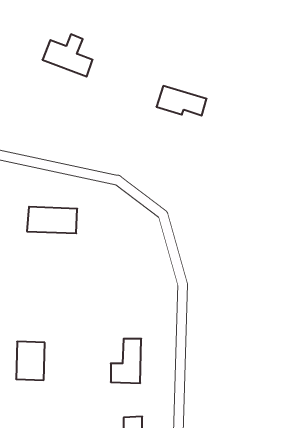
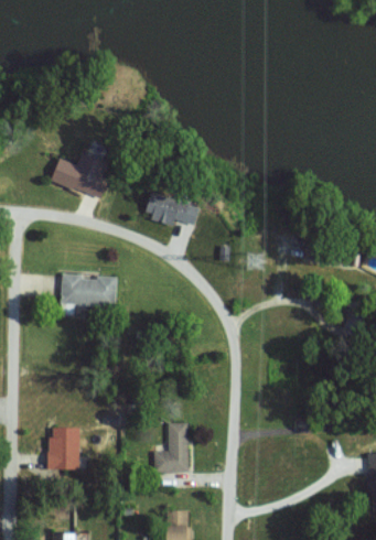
building: [42,34,93,77] -> [51,152,107,199]
building: [156,86,207,116] -> [143,193,200,226]

